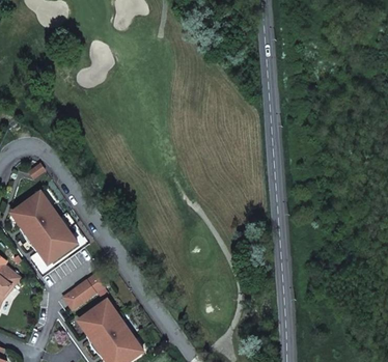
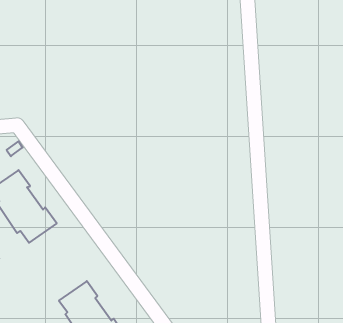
building: [62,272,107,310] -> none

